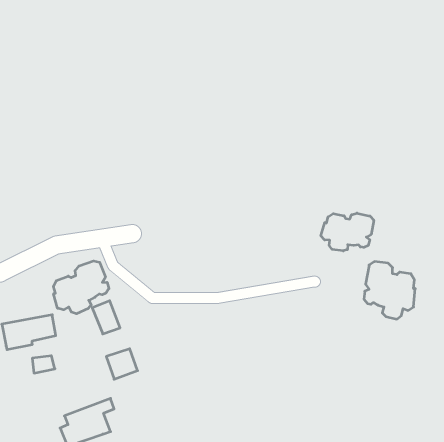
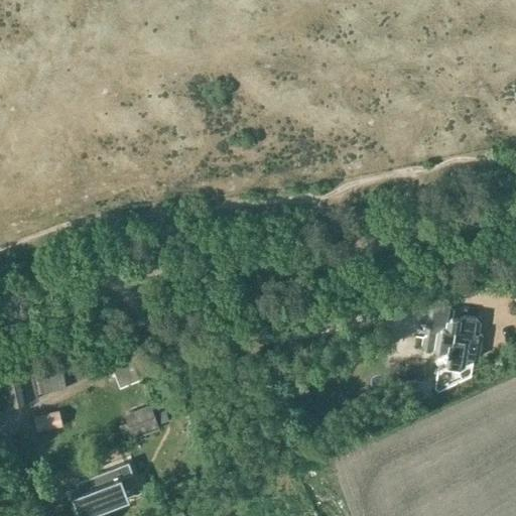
building: [321,213,374,251] -> none
building: [53,261,109,314] -> none

